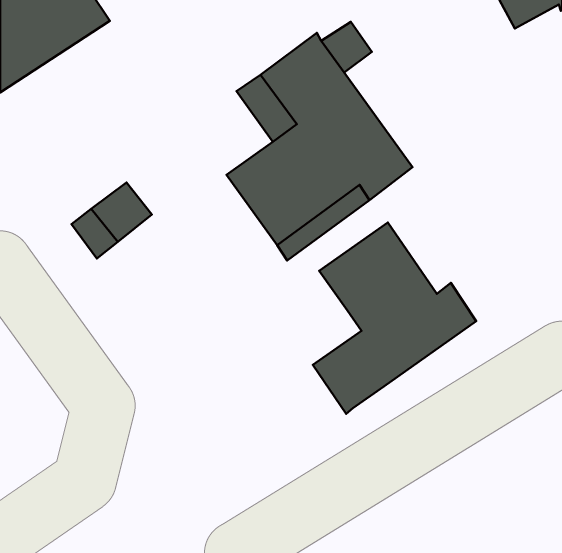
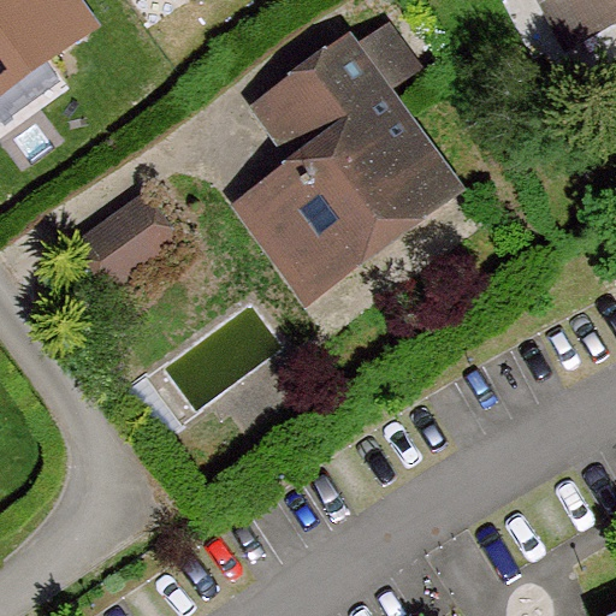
building: [313,222,476,414] -> none

